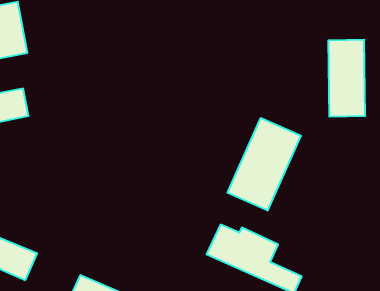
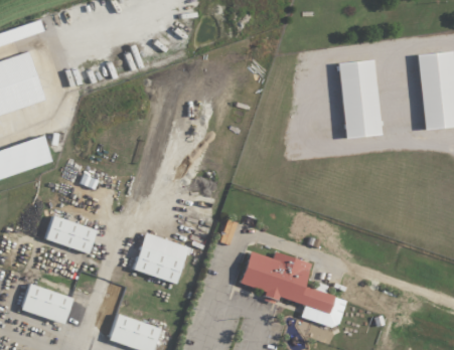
building: [228,118,301,211] -> none
building: none -> [46,215,97,252]
building: none -> [133,232,188,284]

